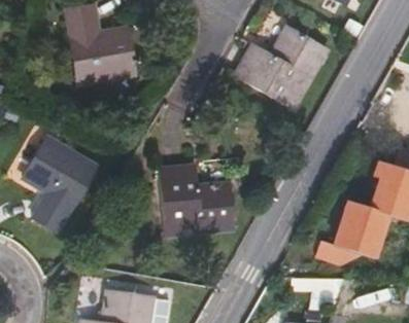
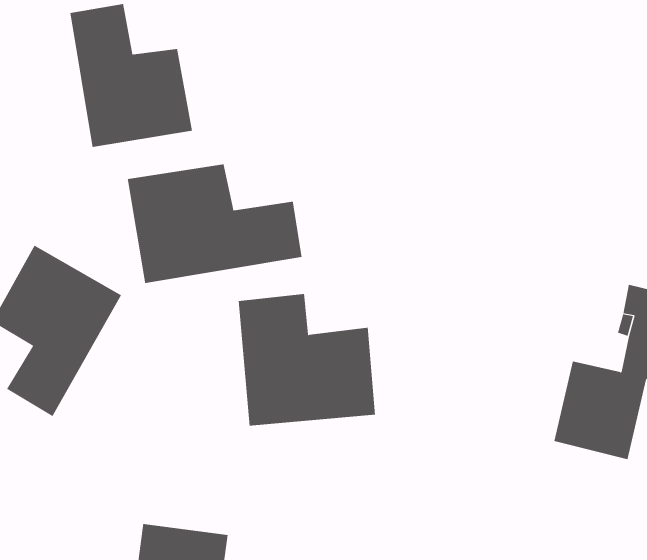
building: [233,27,328,110] -> none
building: none -> [127,164,302,284]

